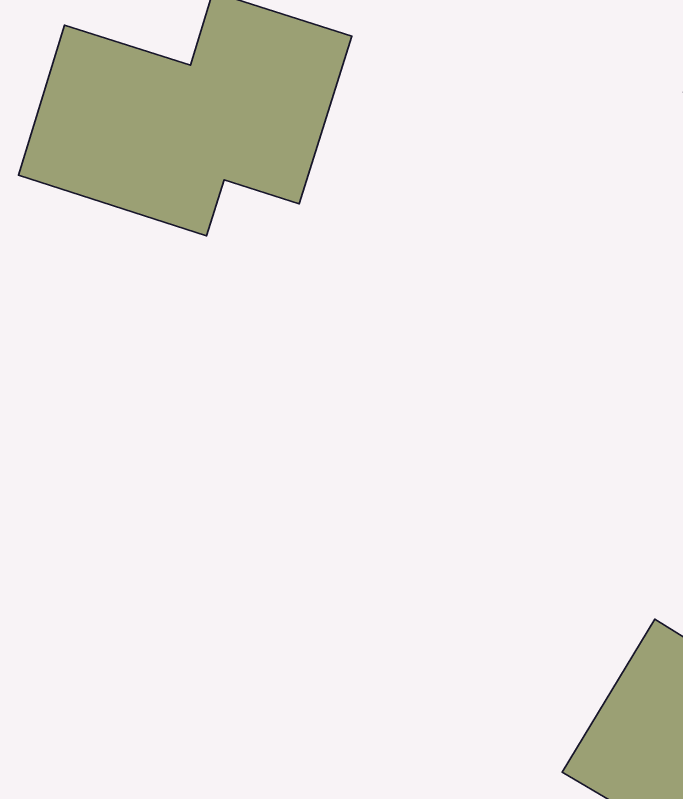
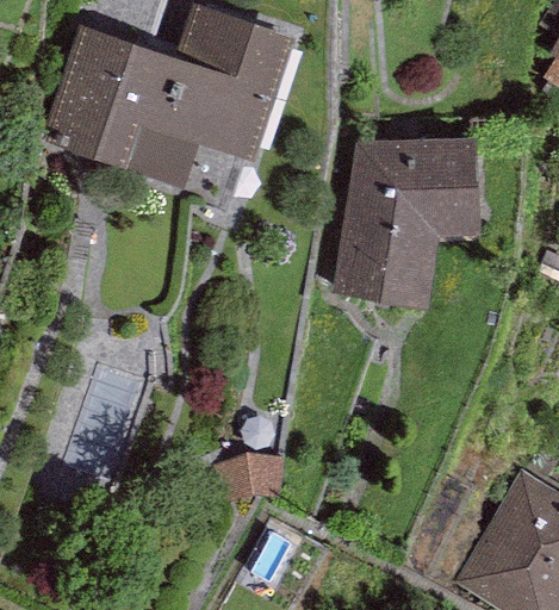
building: none -> [334,138,483,310]

